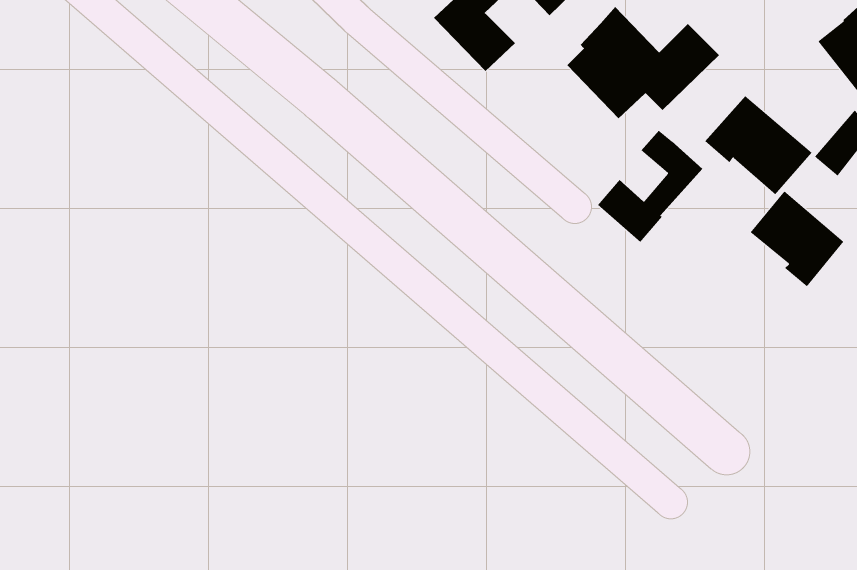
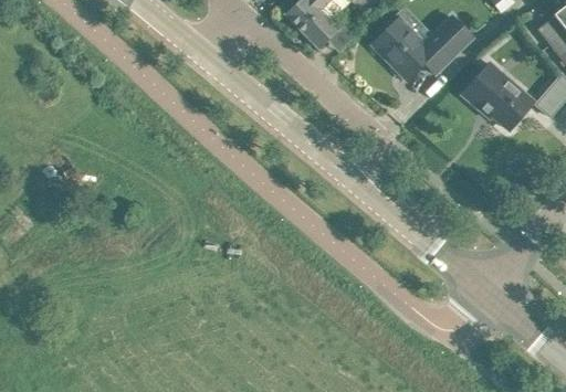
building: [597,130,703,243] -> none
building: [750,191,844,287] -> none

